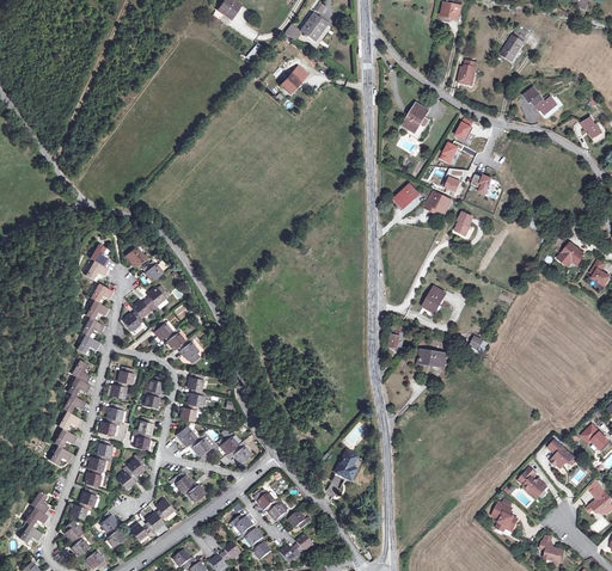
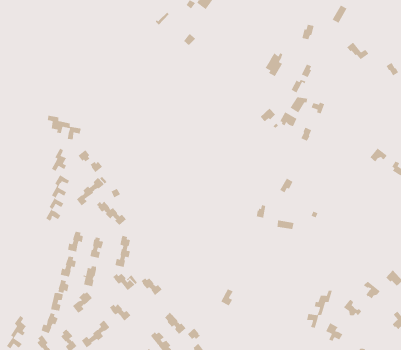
building: none -> [47,115,82,140]
building: [49,361,91,463] -> none
building: none -> [306,290,333,328]

